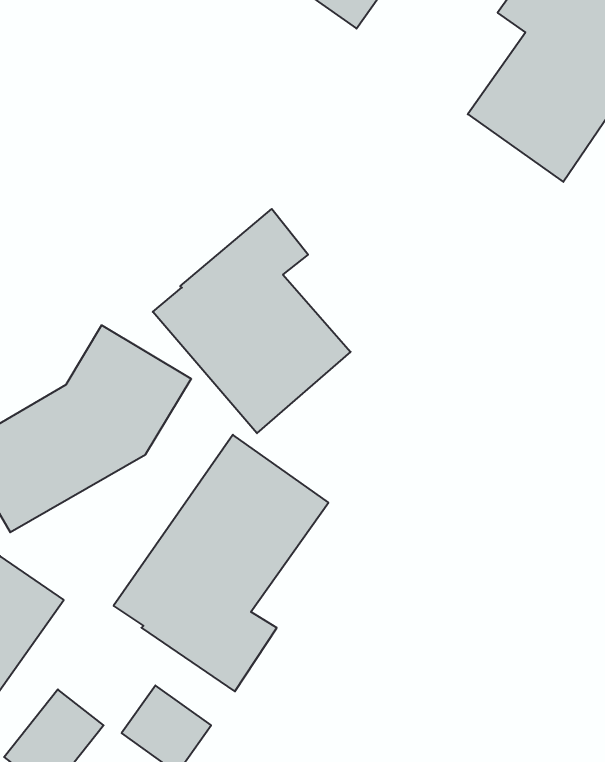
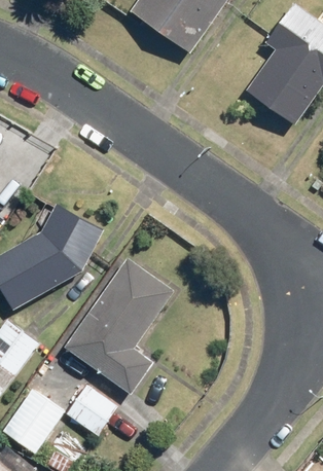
building: [153,209,351,433] -> none

